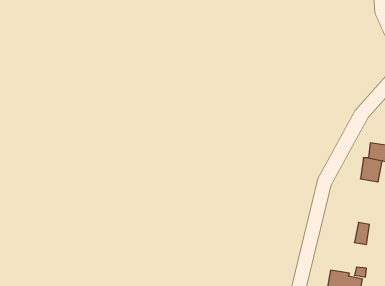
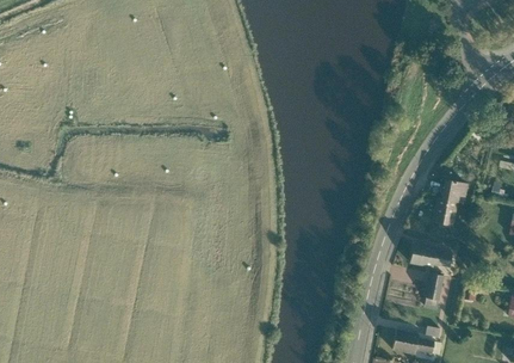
building: none -> [410,245,453,269]

